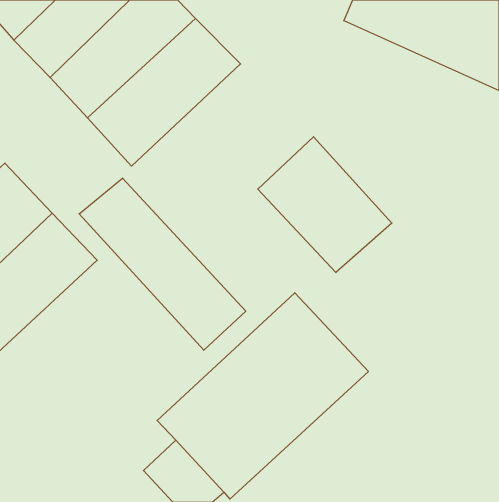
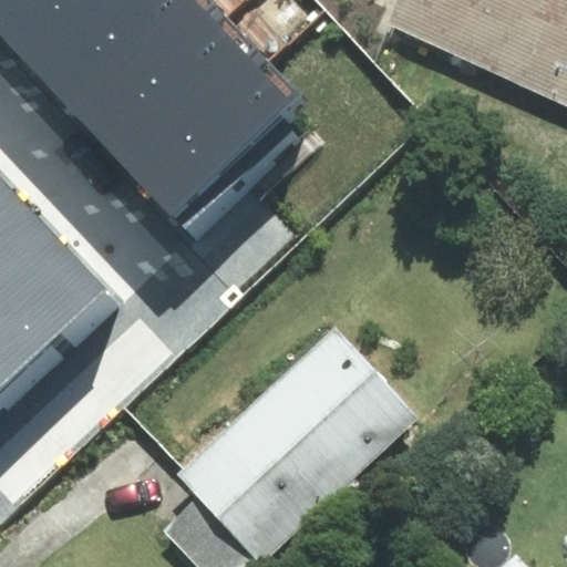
building: none -> [148,72,313,233]
building: [258,137,392,273] -> none
building: [79,178,246,350] -> none

